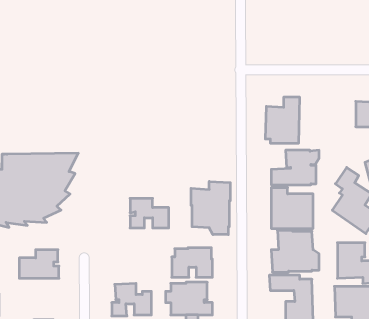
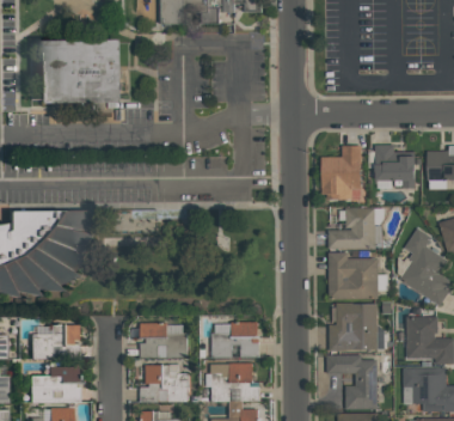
building: none -> [41,41,125,104]
building: none -> [368,144,417,188]
building: [191,181,230,235] -> none
building: [130,198,169,228] -> [141,322,186,356]
building: none -> [30,366,80,401]

